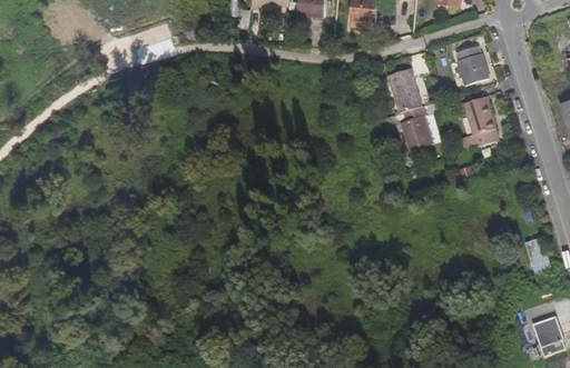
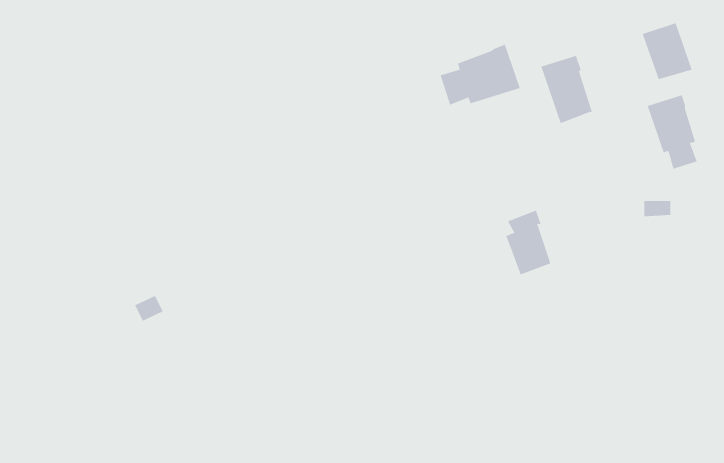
building: none -> [440,44,521,105]
building: [402,107,433,151] -> [506,210,551,275]

